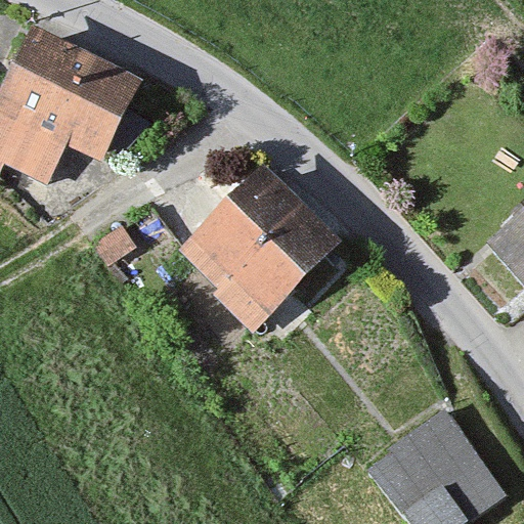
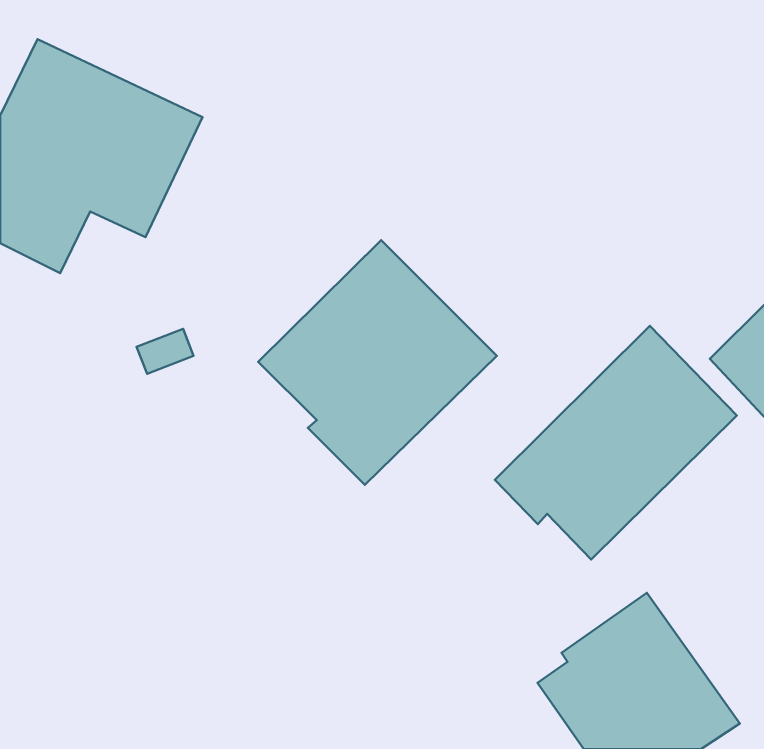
building: none -> [495,326,737,559]

